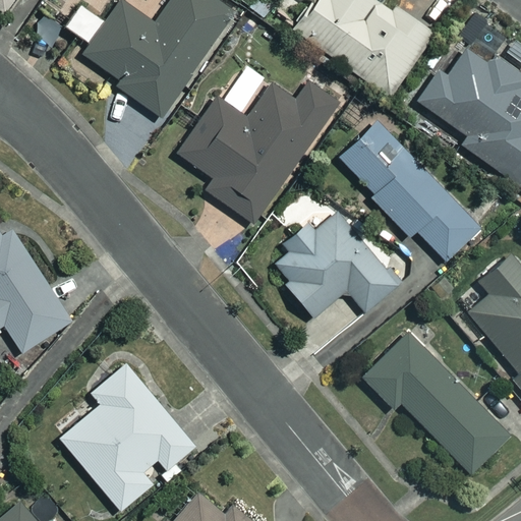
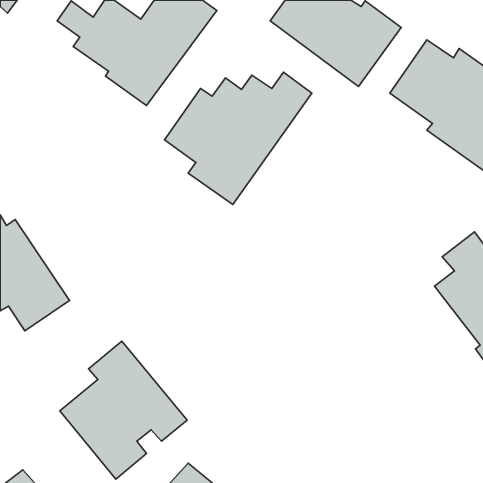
building: [337,115,480,260] -> none
building: [269,210,399,317] -> none
building: [361,332,508,497] -> none

